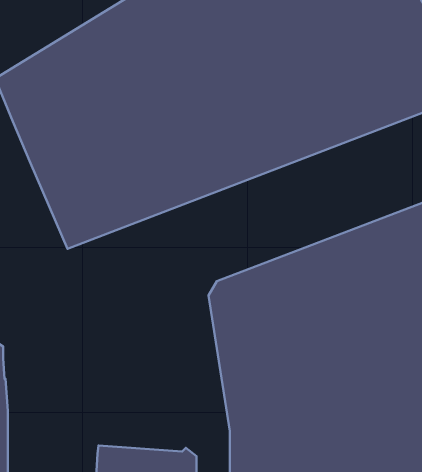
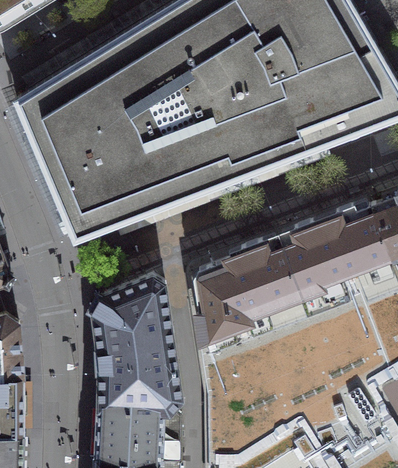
building: none -> [93,280,182,417]

